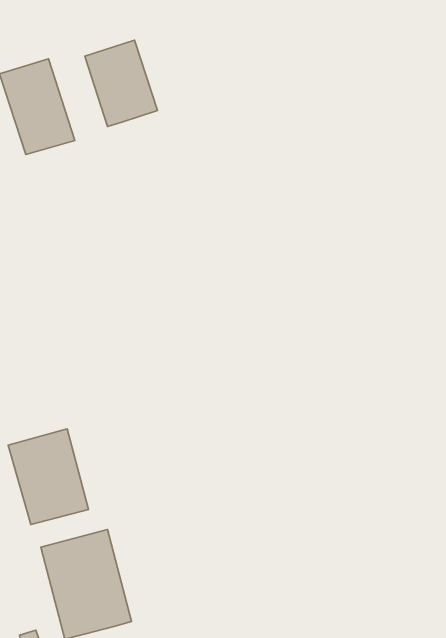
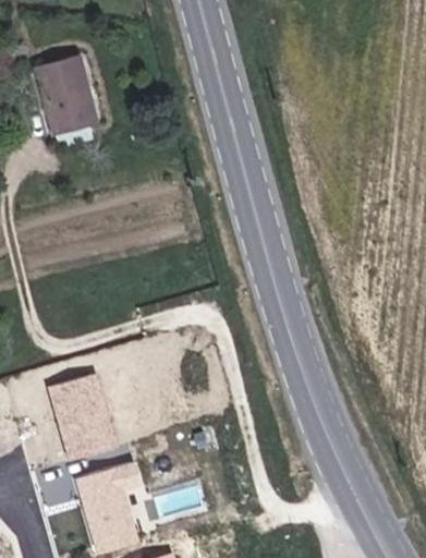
building: [85,40,157,127] -> none

